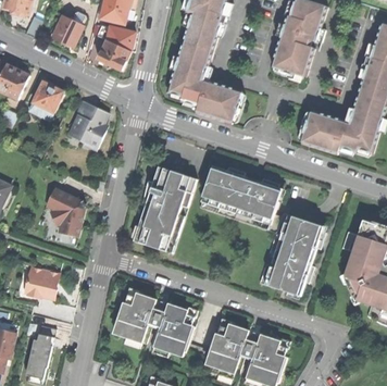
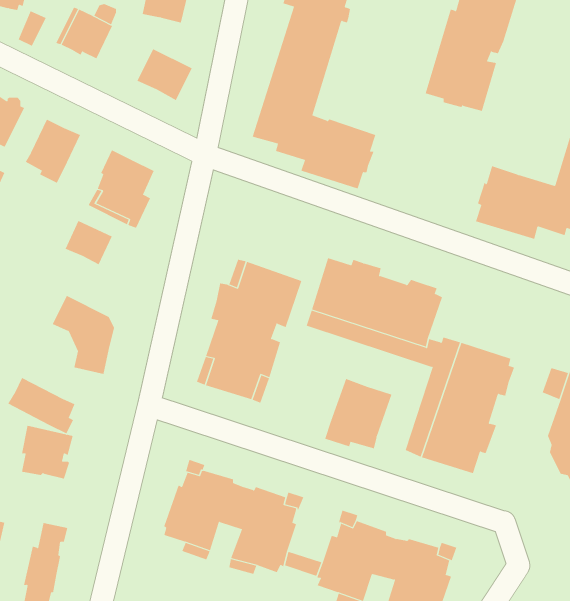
building: [91,26,135,51] -> none
building: none -> [65,220,112,265]
building: none -> [7,377,75,434]
building: none -> [325,378,392,449]

